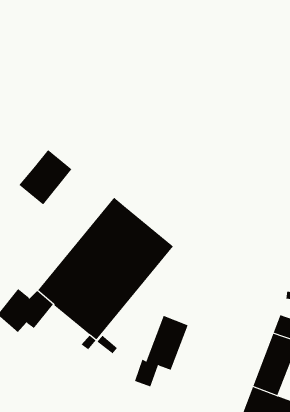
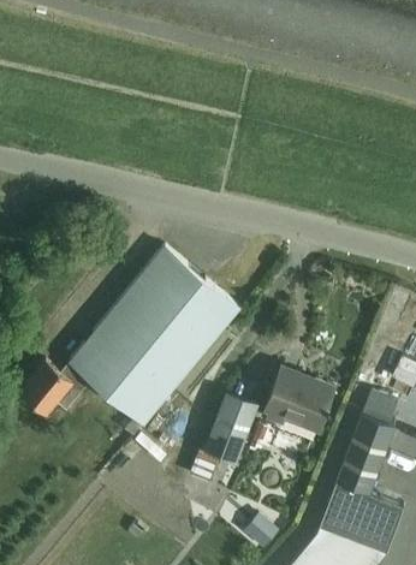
building: [19,149,73,205] -> none
building: none -> [262,368,333,432]

